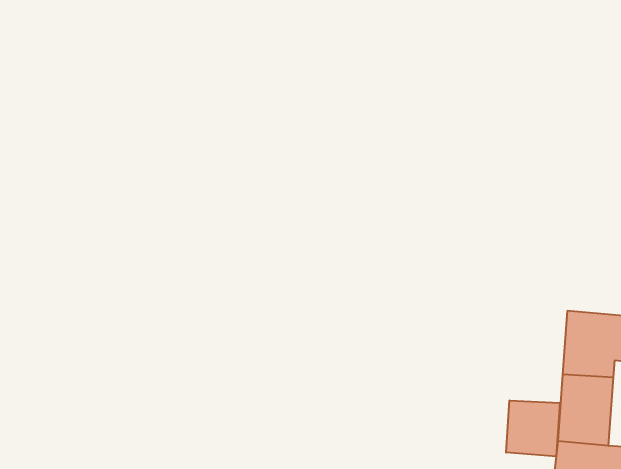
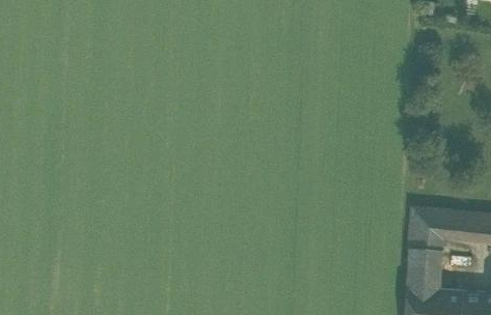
building: [506,400,560,456] -> none

